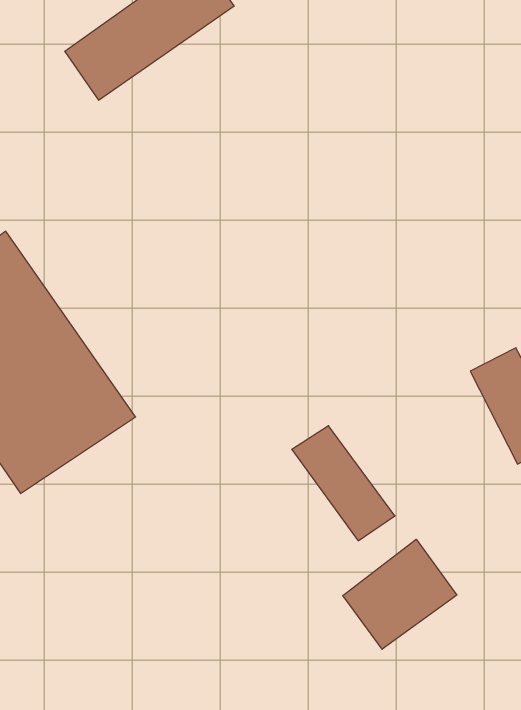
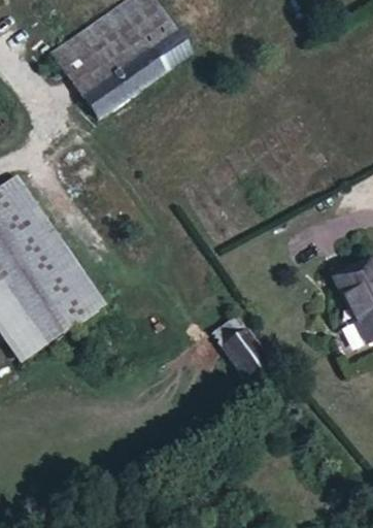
building: none -> [76,20,193,118]
building: [343,539,457,649] -> none

